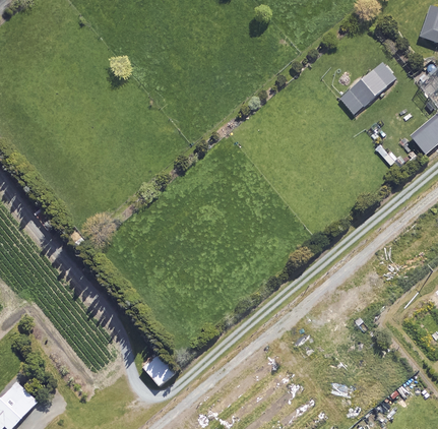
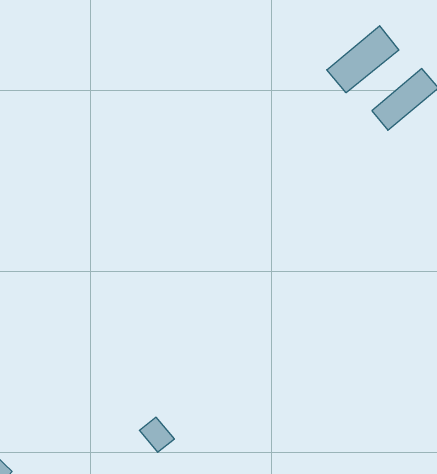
building: none -> [327,26,399,93]

